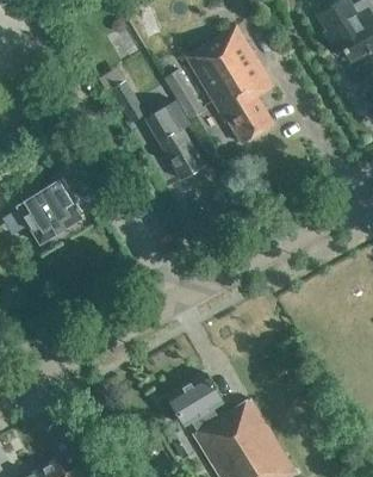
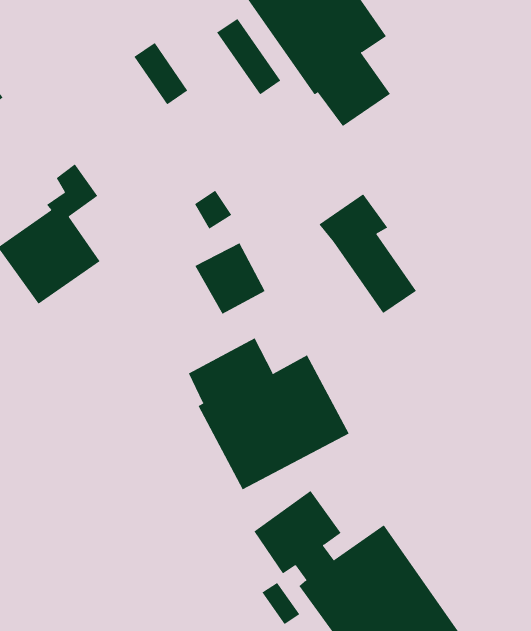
building: [144,101,204,179] -> [319,194,417,314]
building: none -> [188,338,349,490]

